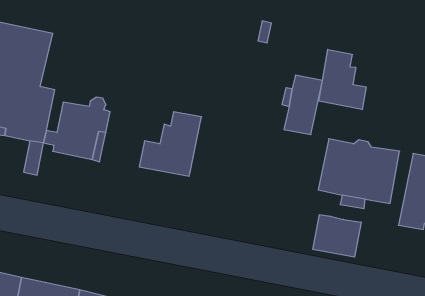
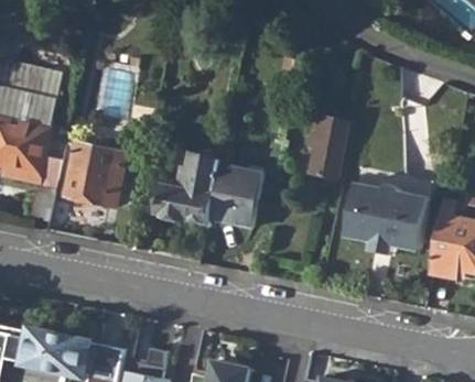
building: [319,49,366,110] -> none
building: none -> [207,164,262,228]
building: [313,215,361,257] -> none

